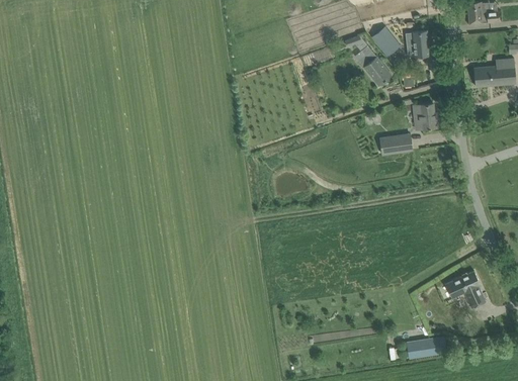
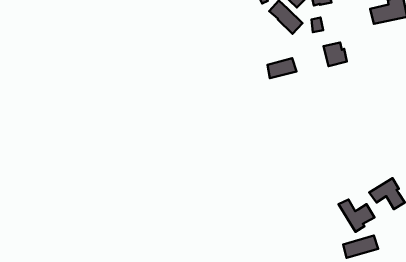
building: [379,134,413,155] -> [267,58,297,78]
building: none -> [339,199,375,232]

